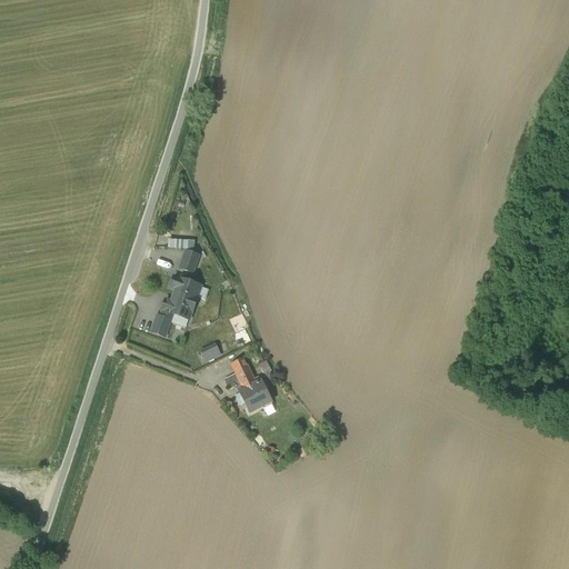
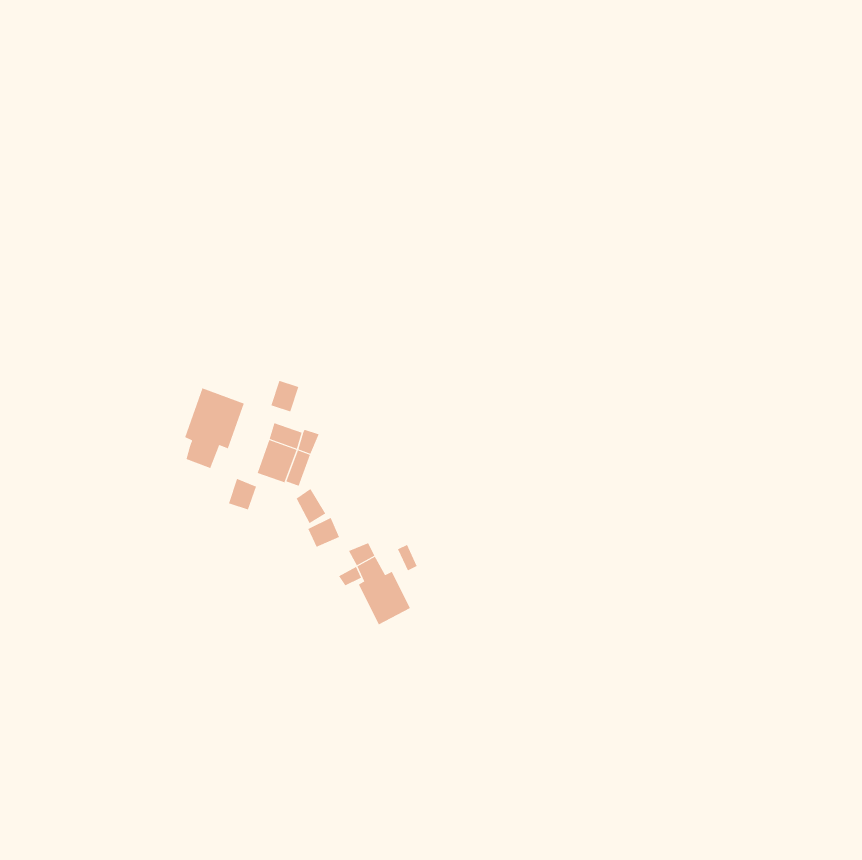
building: none -> [185,387,244,469]

